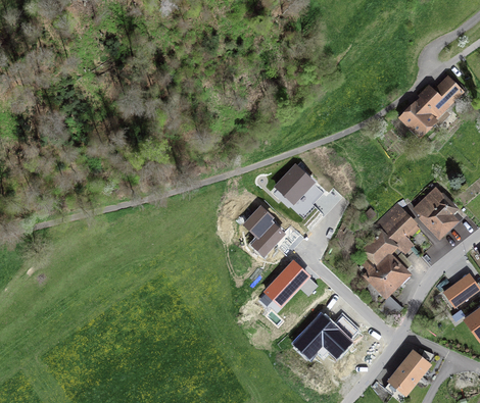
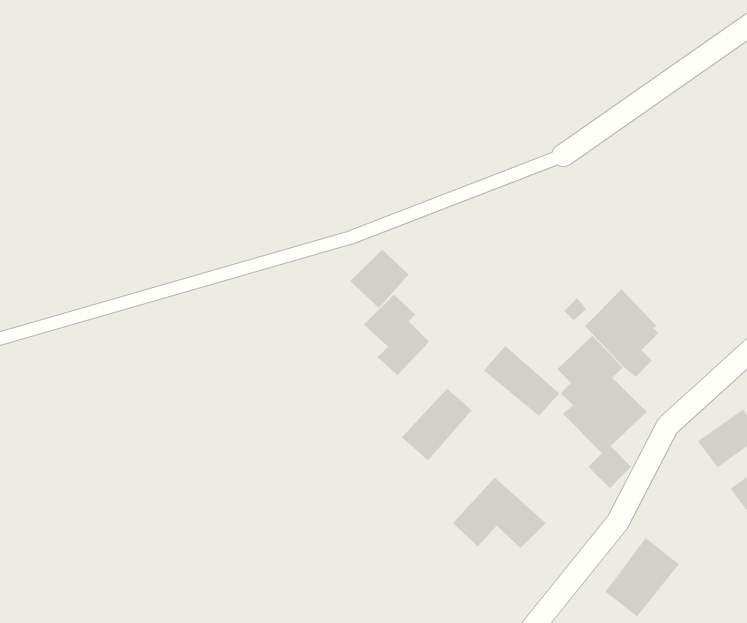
building: [398,75,465,141] -> none
building: [277,166,313,202] -> [350,249,410,309]
building: [412,187,460,242] -> none
building: none -> [483,345,560,417]

